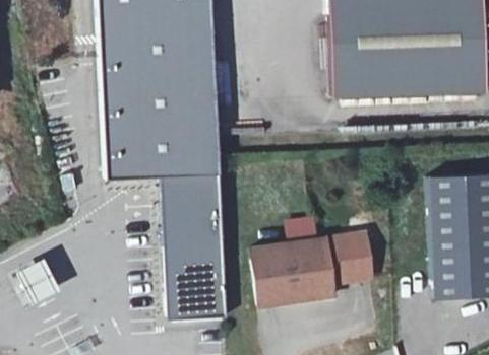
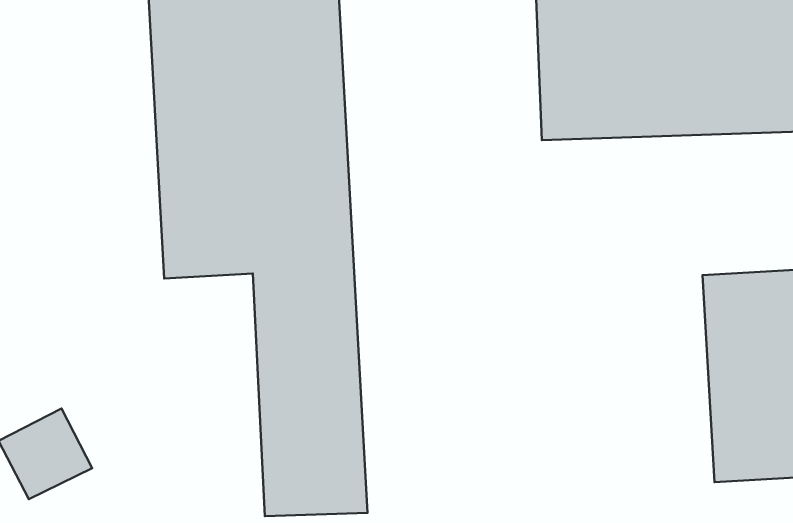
building: [252,219,374,306] -> none

